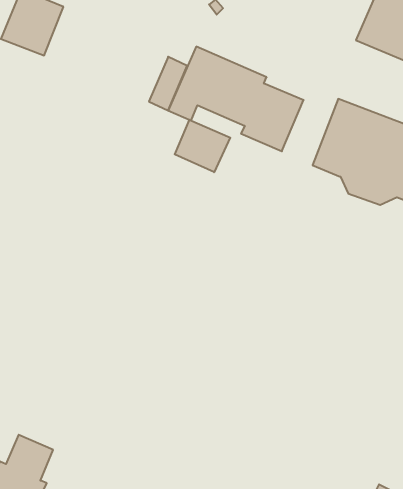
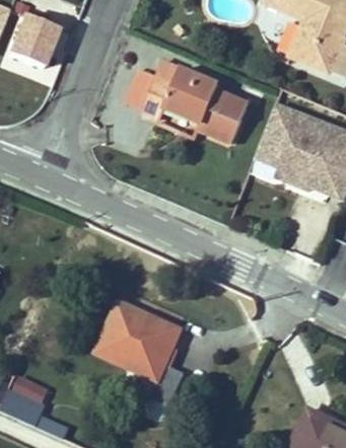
building: [175,120,230,172] -> none
building: none -> [96,303,184,405]

